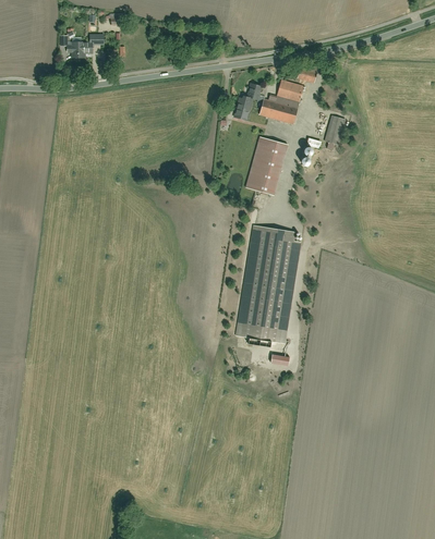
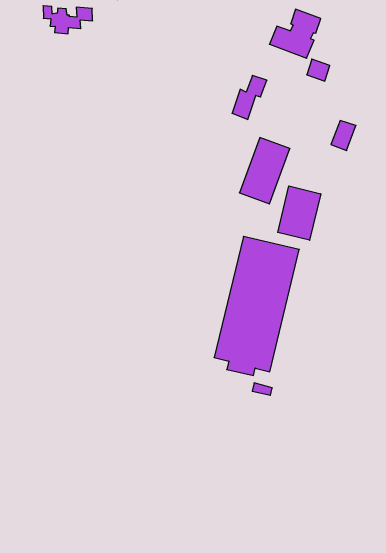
building: [259,81,303,123] -> [269,9,321,58]
building: none -> [278,186,321,240]

